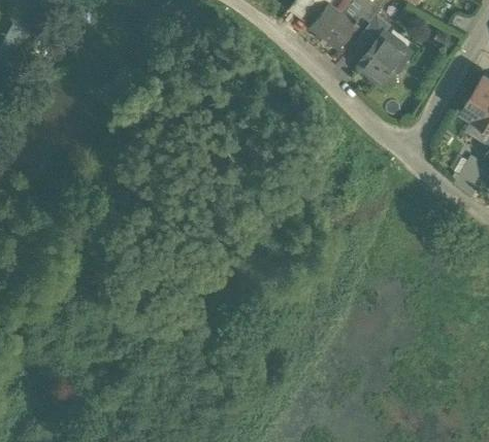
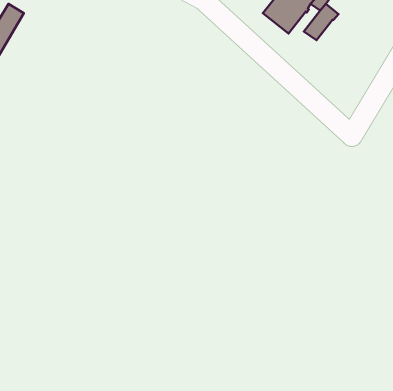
building: [358,33,405,86] -> none

